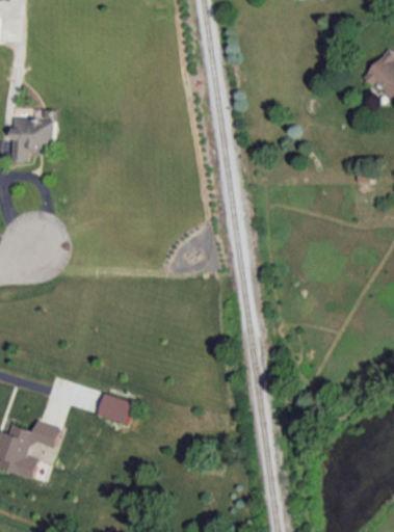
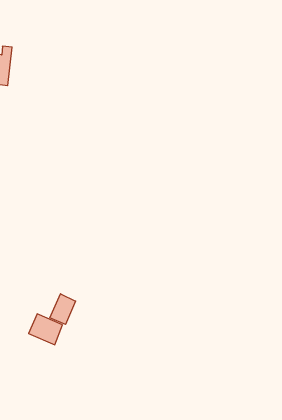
building: none -> [50,294,76,324]

